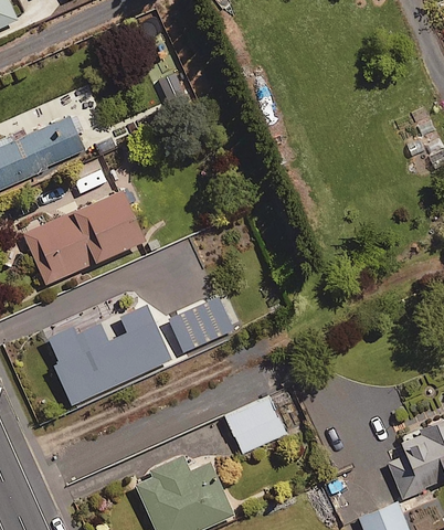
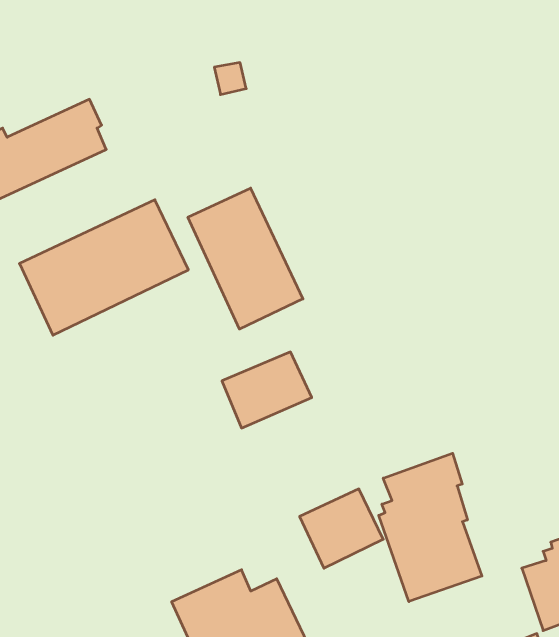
building: none -> [188,188,303,329]
building: [44,304,171,403] -> none
building: none -> [379,453,482,602]

